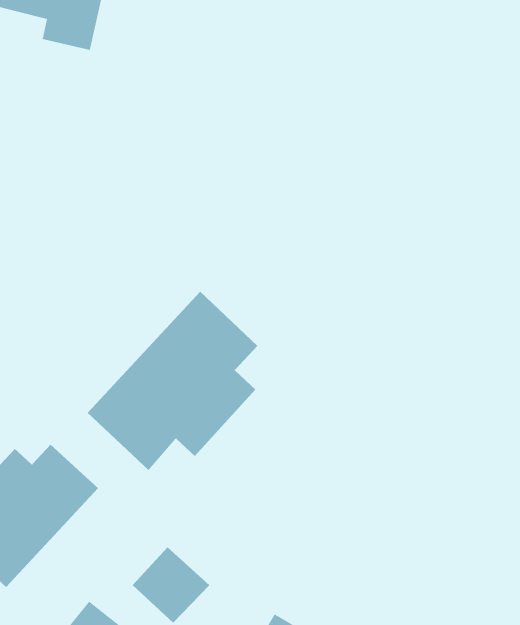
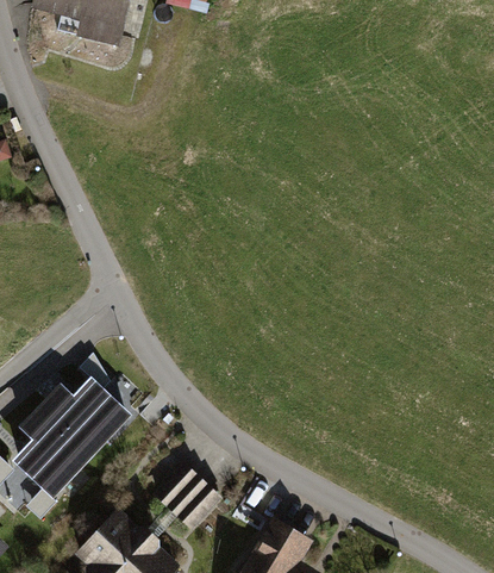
building: [87,291,258,471] -> none

